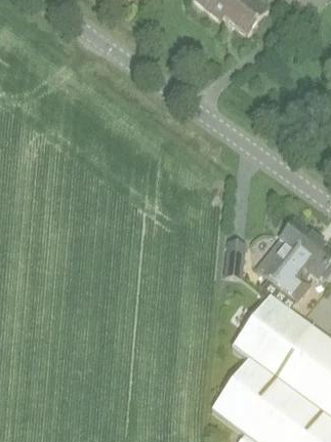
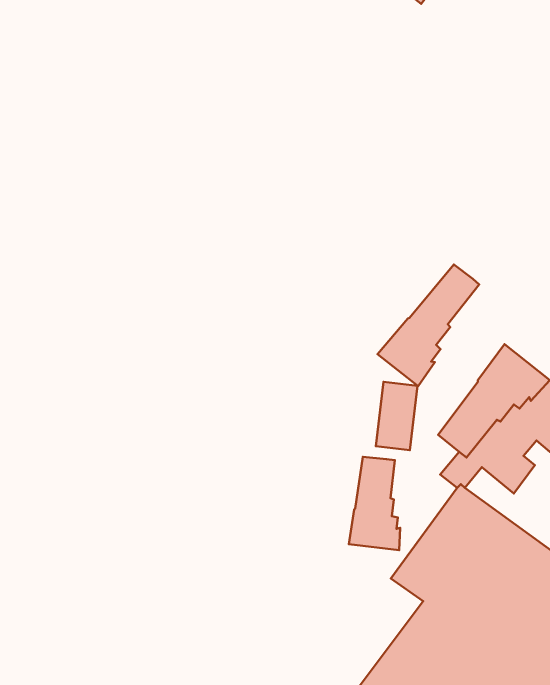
building: none -> [378,264,479,386]
building: none -> [349,457,400,550]

